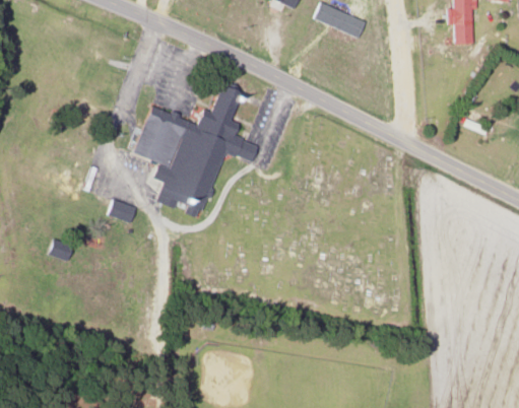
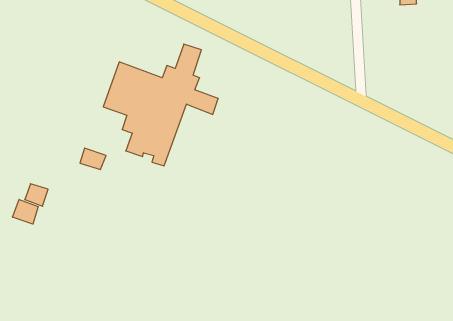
building: none -> [13,199,38,224]

